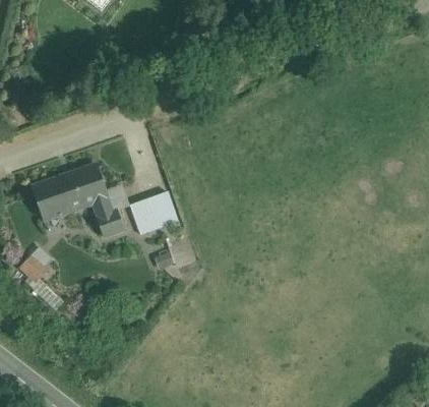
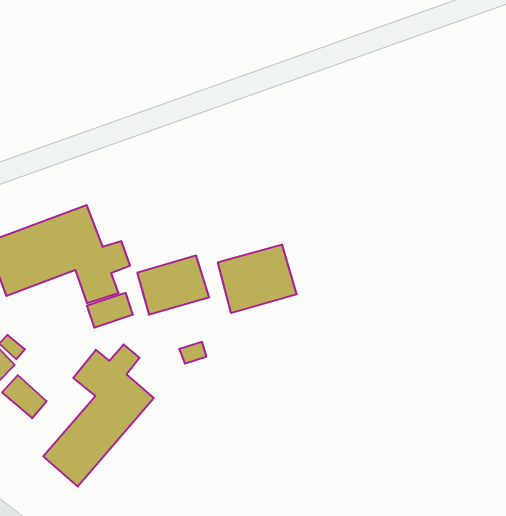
building: none -> [218,245,297,313]
building: none -> [43,344,154,487]

